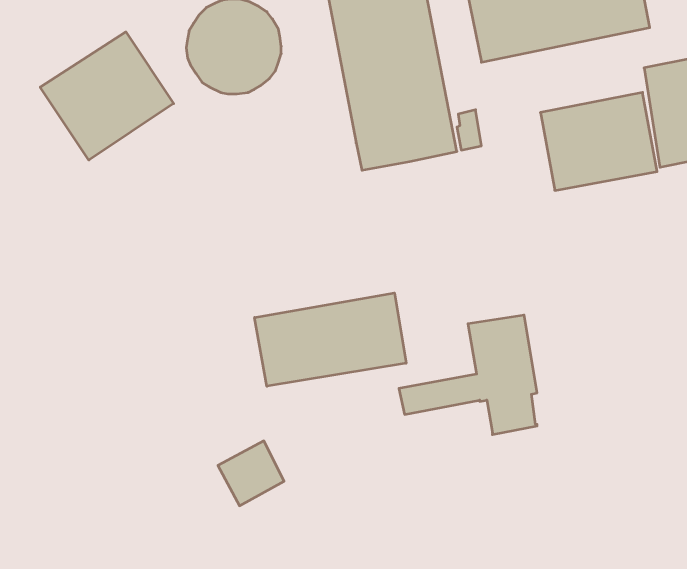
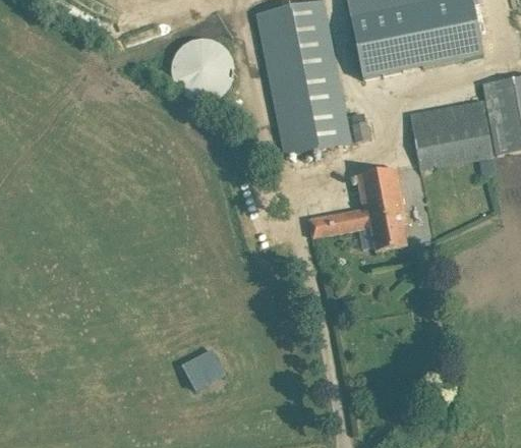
building: [40,32,174,160] -> none
building: [255,293,406,386] -> none
building: [399,315,537,435] -> [308,166,406,250]

